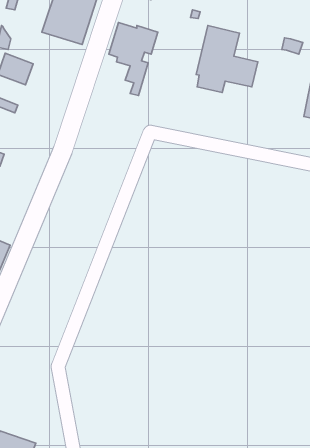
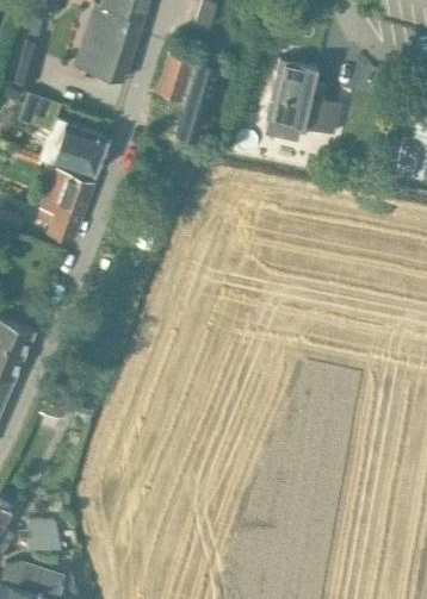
building: none -> [51,123,107,176]
building: none -> [35,170,93,244]
building: none -> [27,520,61,551]

